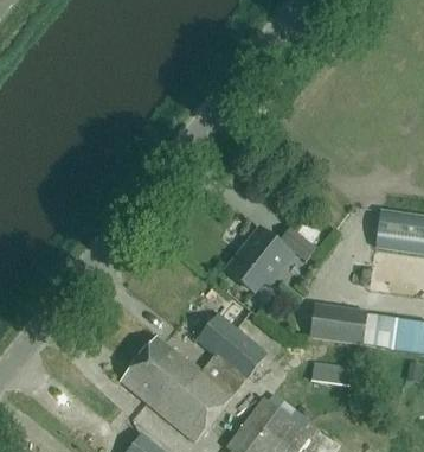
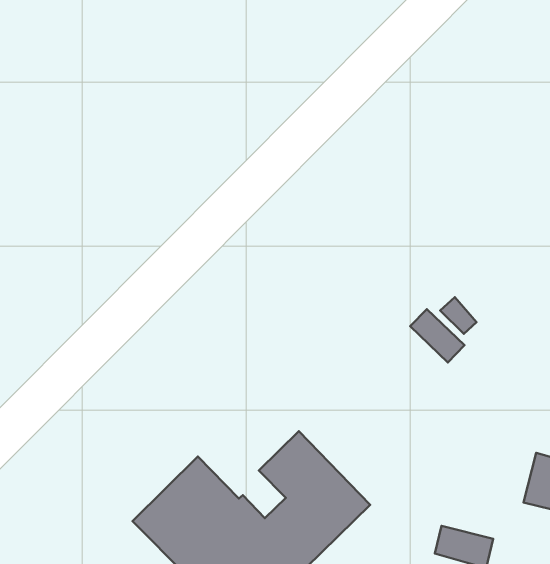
building: [229,229,293,292] -> none
building: [309,303,366,344] -> none

